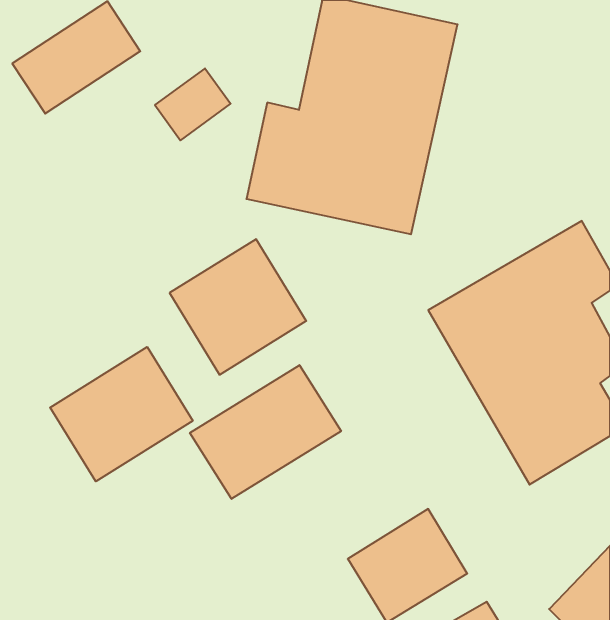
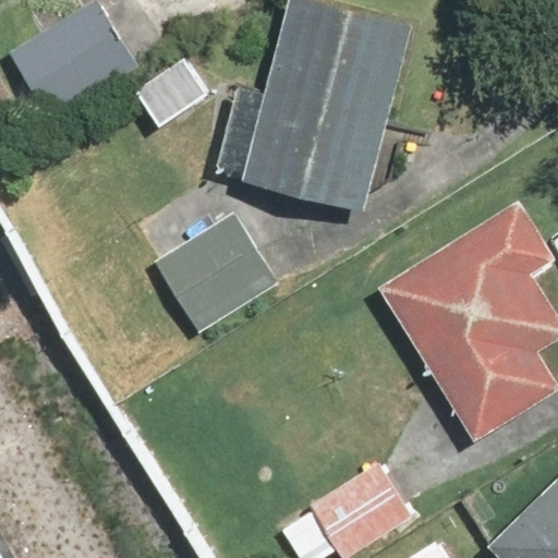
building: [50,347,193,481] -> none
building: [190,365,341,499] -> none

